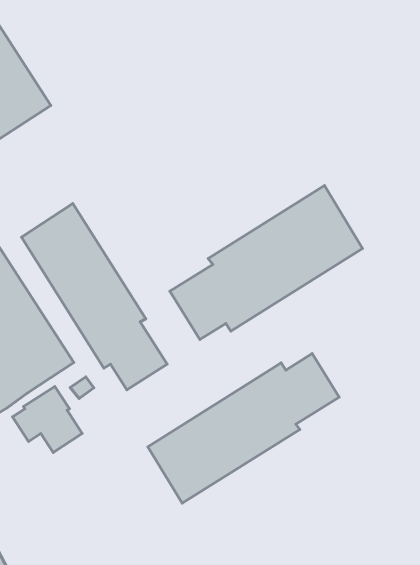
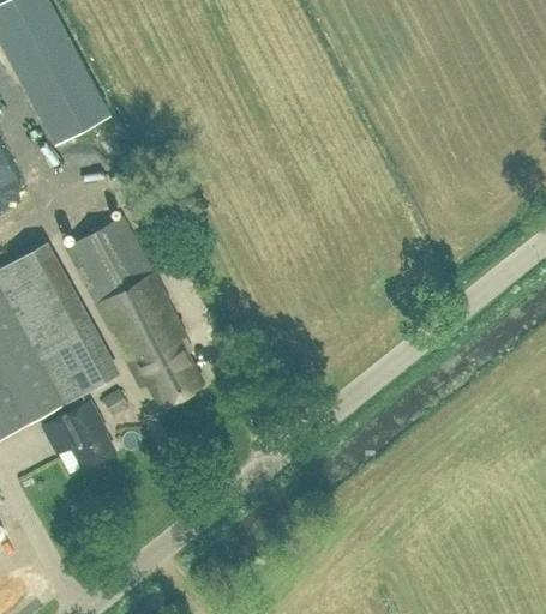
building: [170,186,363,340] -> none
building: [148,354,339,503] -> none

